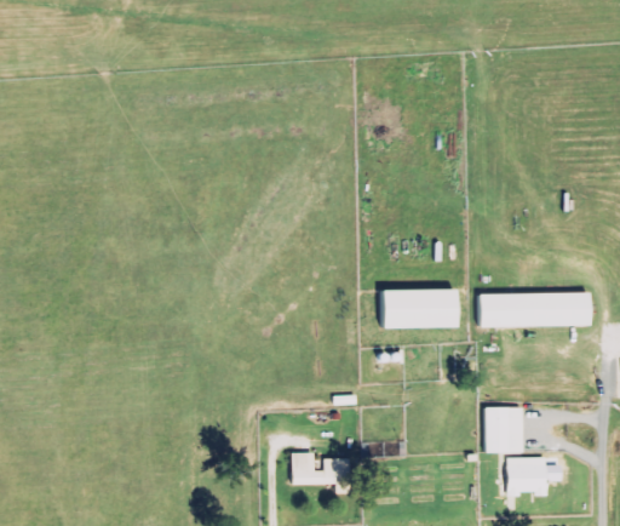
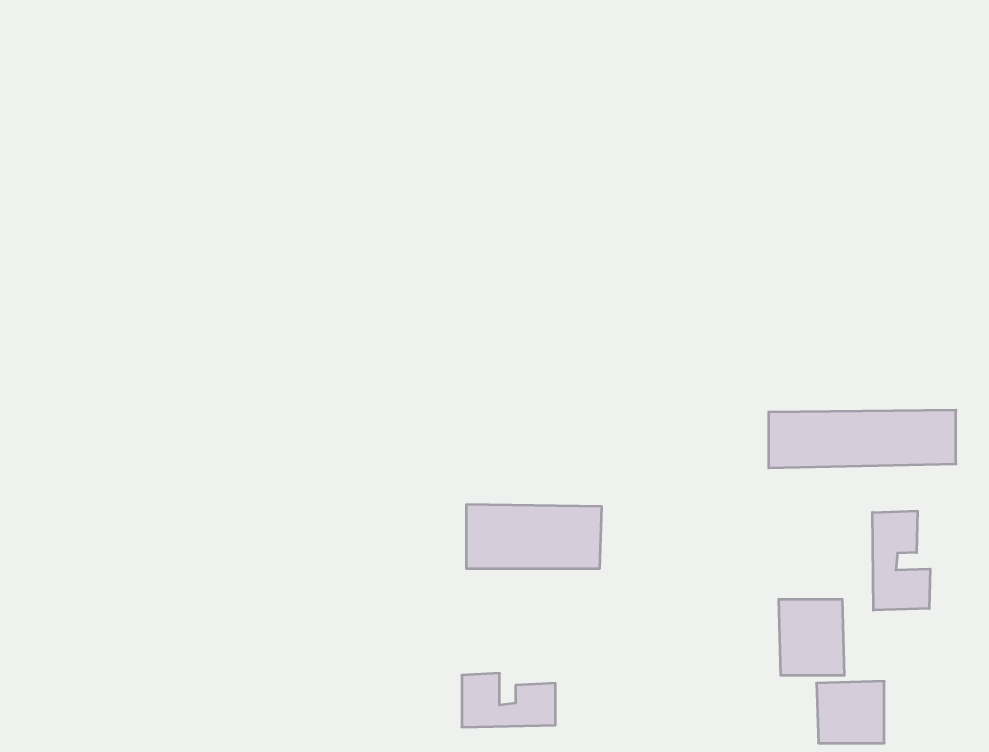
building: [378,288,460,327] -> [466,505,602,568]
building: none -> [872,511,930,610]

